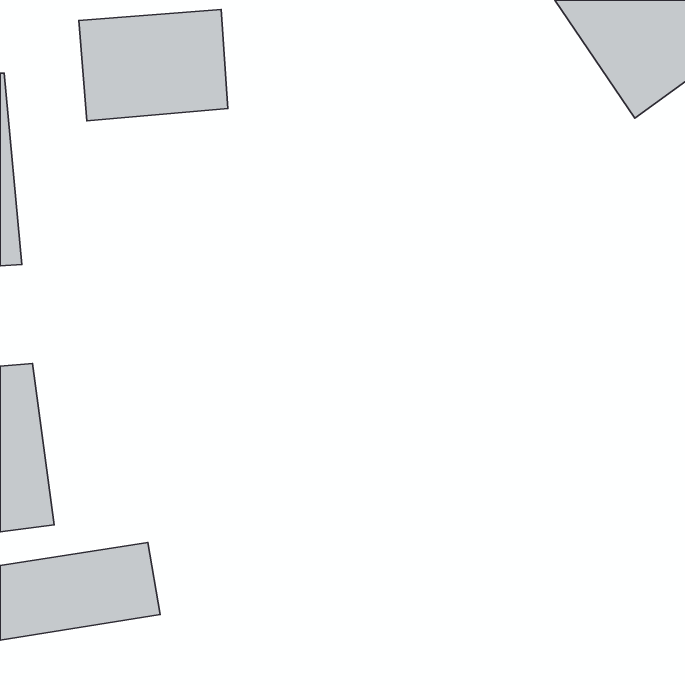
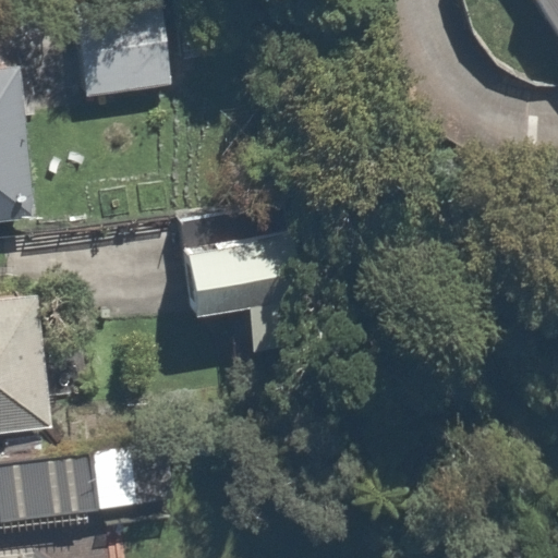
building: none -> [169,231,291,320]

